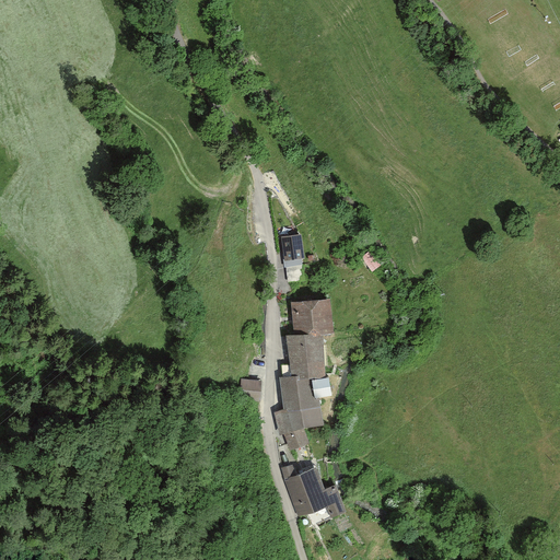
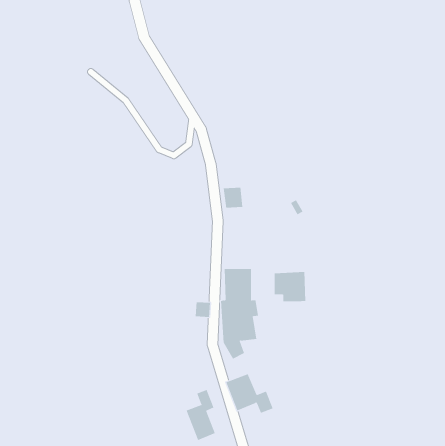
building: [289,299,329,337] -> [274,271,306,302]
building: none -> [186,389,215,441]

